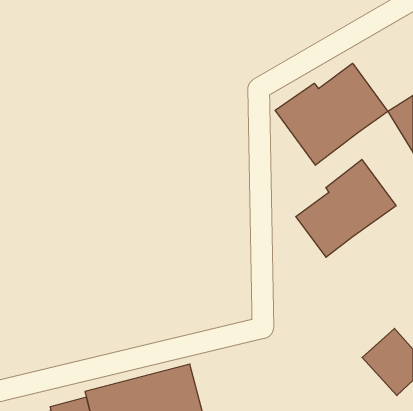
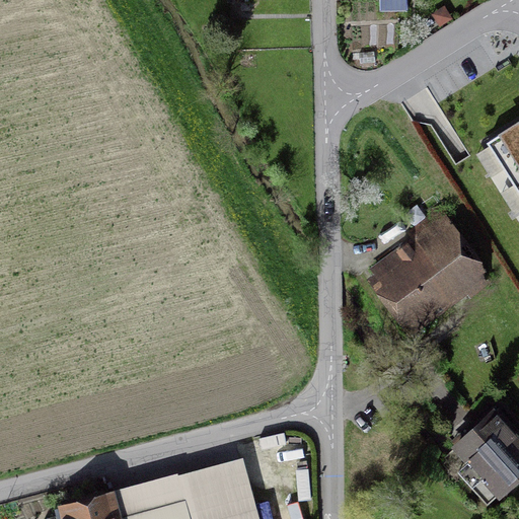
building: [275,63,388,165] -> none

